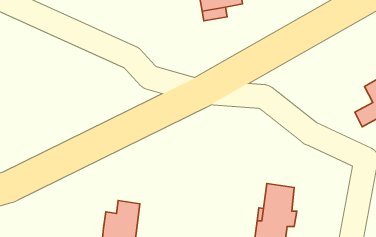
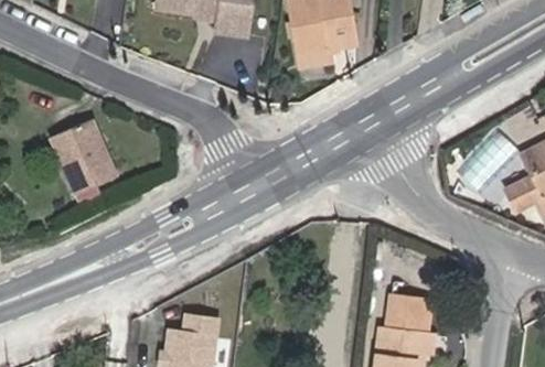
building: none -> [49,125,114,199]

